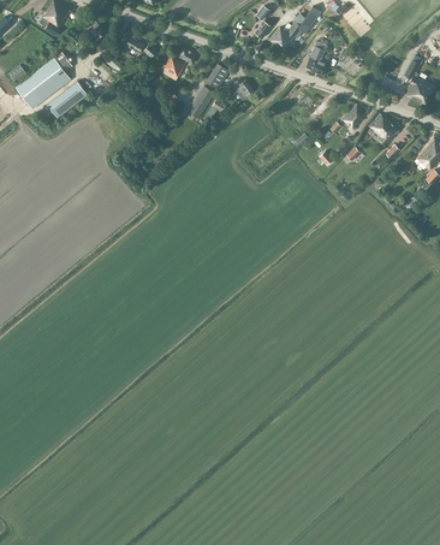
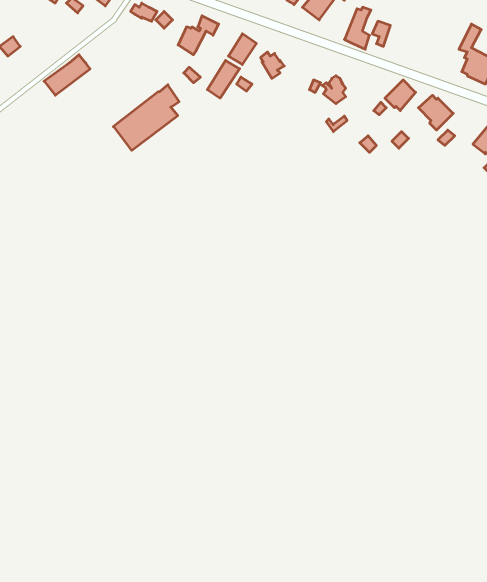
building: [16,52,72,108] -> [113,85,179,150]

